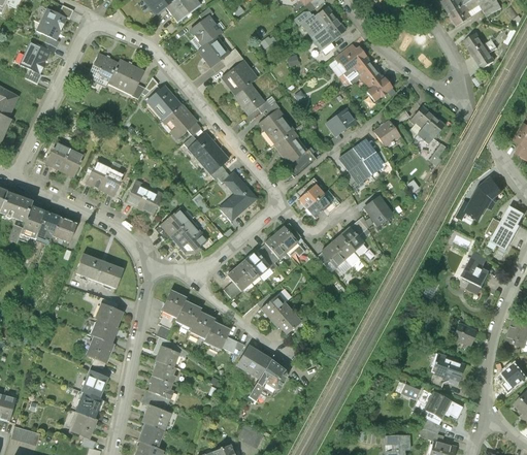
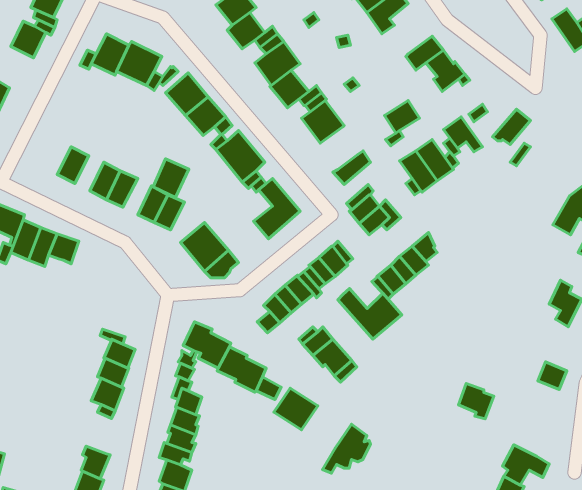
building: [334,43,365,70] -> none
building: [406,106,434,140] -> none
building: [272,130,304,165] -> none
building: [44,140,69,169] -> none
building: none -> [153,159,189,197]
building: [362,195,395,229] -> none
building: [75,255,123,291] -> none
building: none -> [338,289,402,339]
building: [434,354,463,383] -> [459,384,494,419]
building: [248,359,287,399] -> [323,424,370,473]
building: [78,370,106,398] -> none

